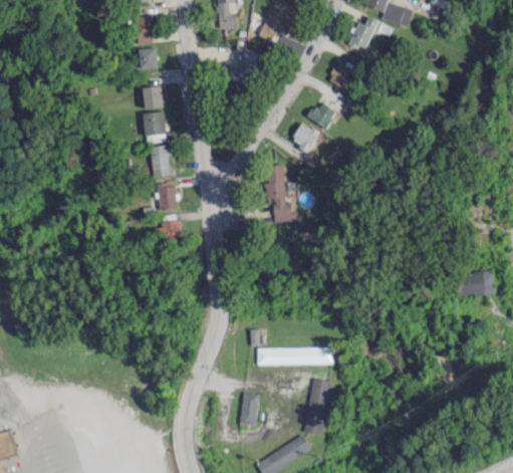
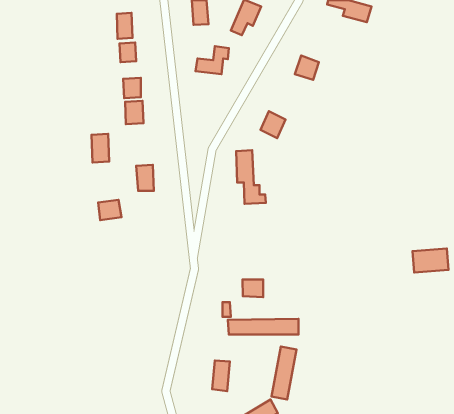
building: [349,17,394,50] -> none
building: [307,103,336,128] -> none
building: [152,146,171,177] -> [91,134,109,163]
building: [157,221,182,243] -> [98,200,121,220]
building: none -> [242,279,263,297]

